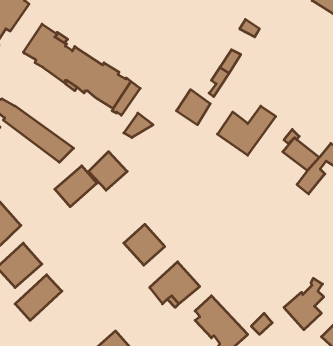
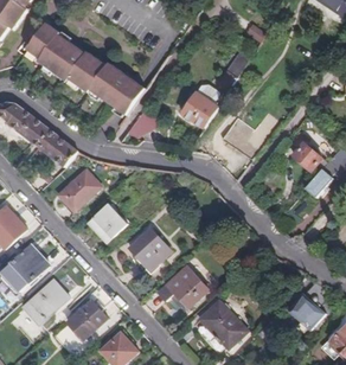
building: [89,152,127,190] -> [88,203,127,242]
building: none -> [63,300,104,340]

